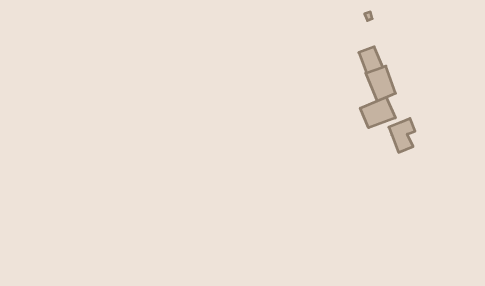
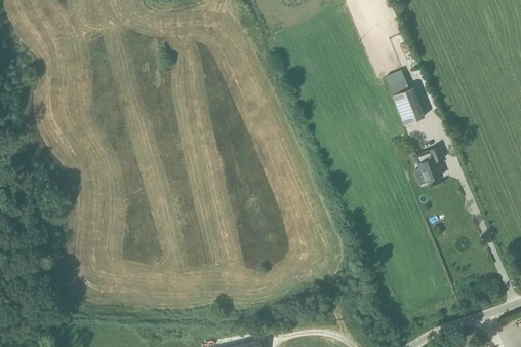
building: [360,97,395,128] -> none

